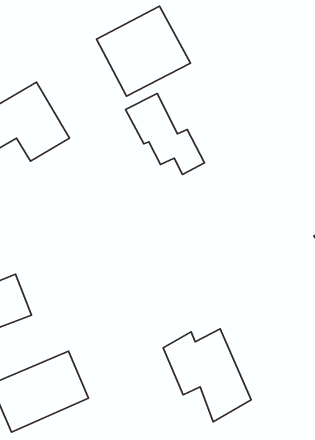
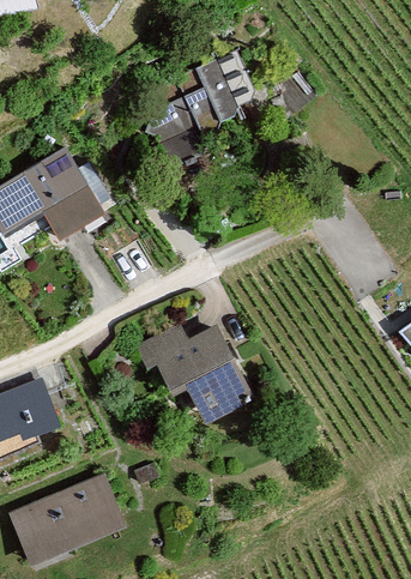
building: [126,93,204,175] -> none
building: [163,329,251,422] -> [149,321,254,433]

